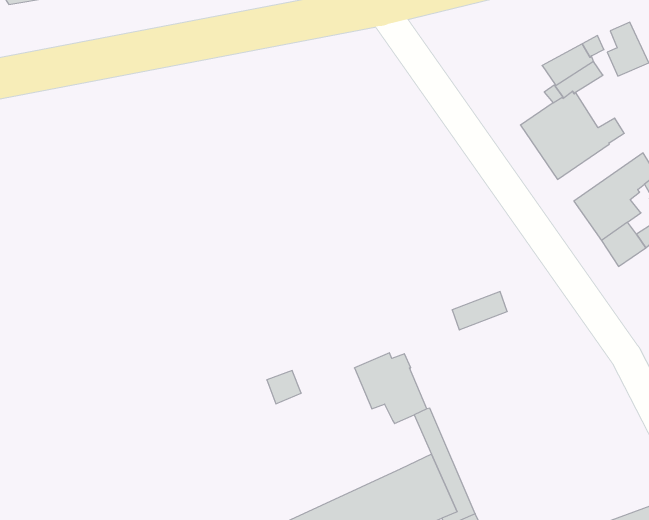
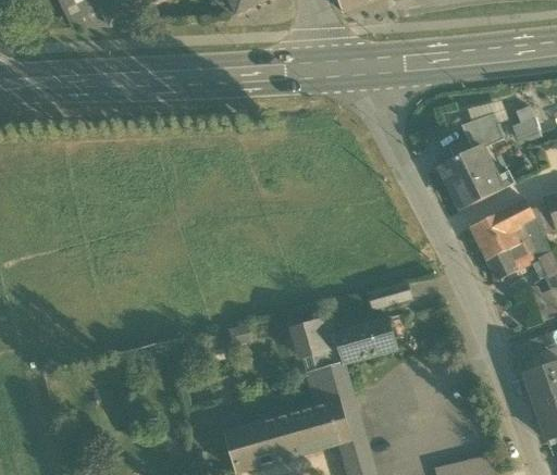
building: none -> [333,316,397,363]
building: none -> [307,366,341,404]

